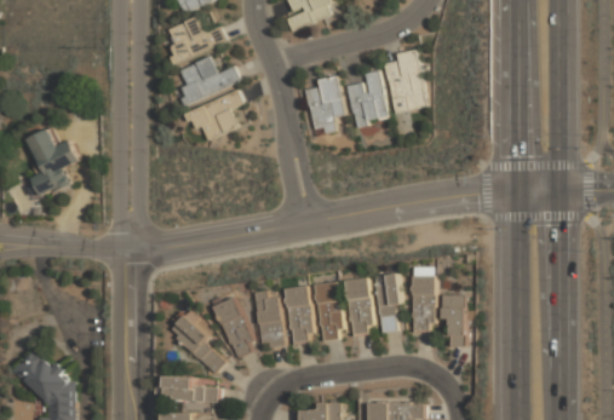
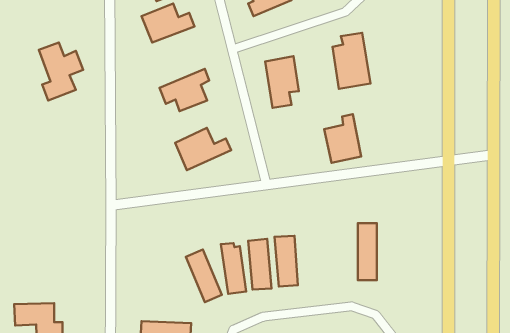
building: [174,56,239,104] -> [175,128,231,170]
building: [345,70,388,126] -> [324,114,361,163]
building: [27,131,78,197] -> [39,42,83,100]
building: [375,274,400,332] -> none
building: [346,278,373,335] -> none
building: [443,295,465,345] -> none
building: [170,315,228,373] -> none

